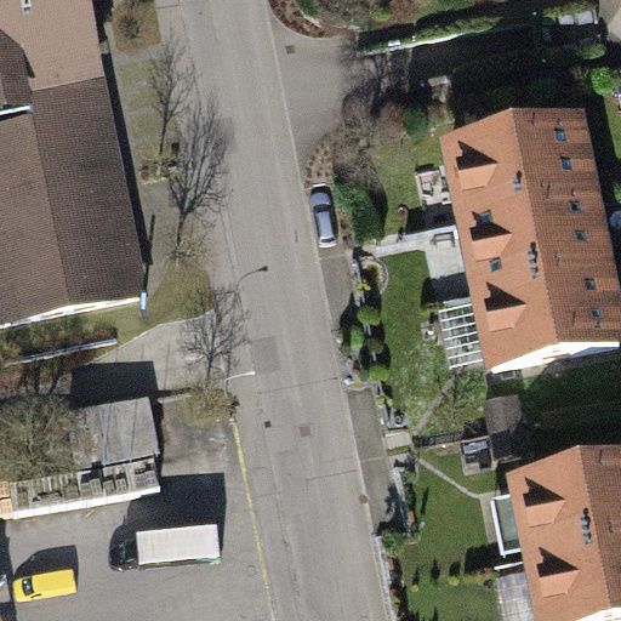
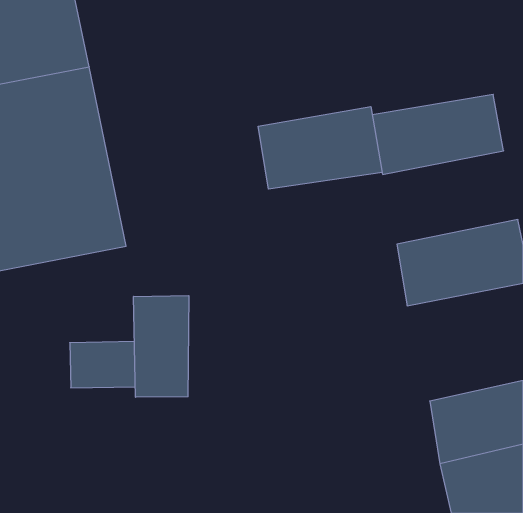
building: none -> [258,107,382,189]
building: [452,178,613,289] -> none
building: none -> [134,296,189,397]

